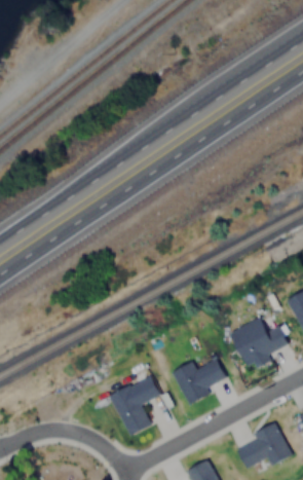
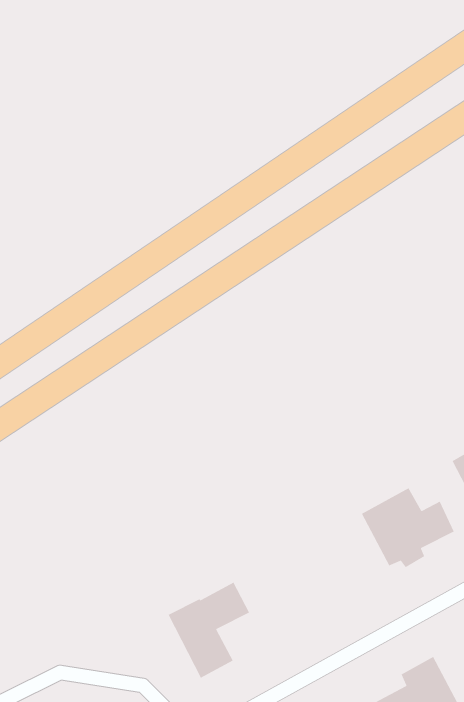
building: [173,359,227,405] -> none

